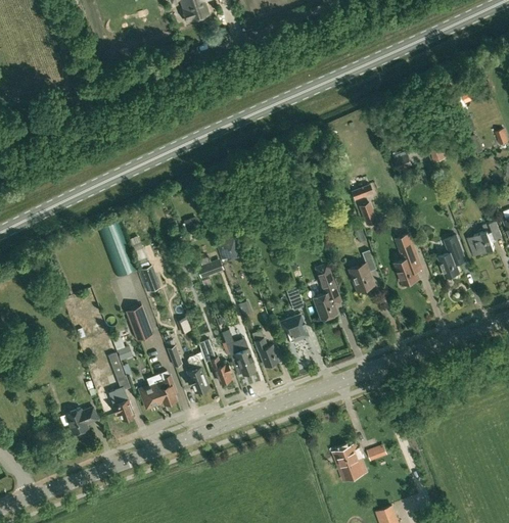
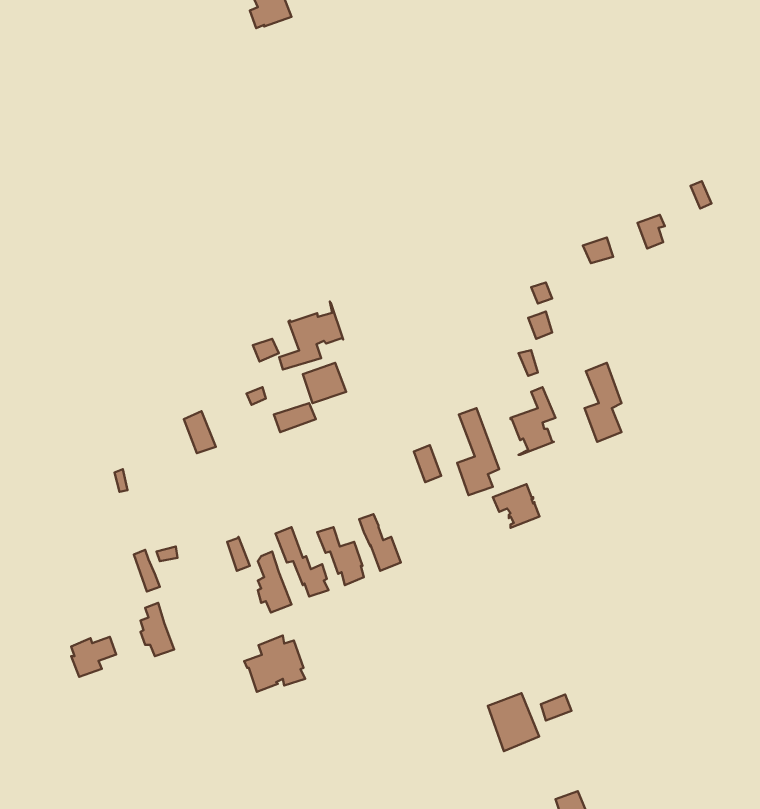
building: none -> [279,301,343,370]
building: [468,221,502,256] -> none
building: [98,222,131,266] -> none
building: [437,236,465,278] -> none
building: [126,305,153,341] -> none
building: [279,315,309,342] -> [493,484,539,528]
building: [138,373,177,409] -> [244,636,305,692]

